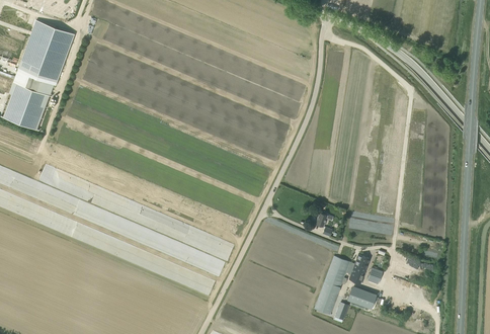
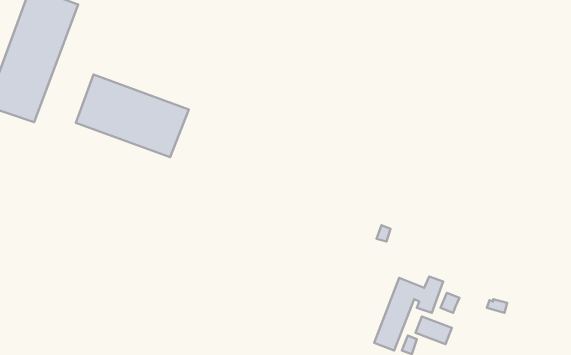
building: none -> [76,74,189,157]

